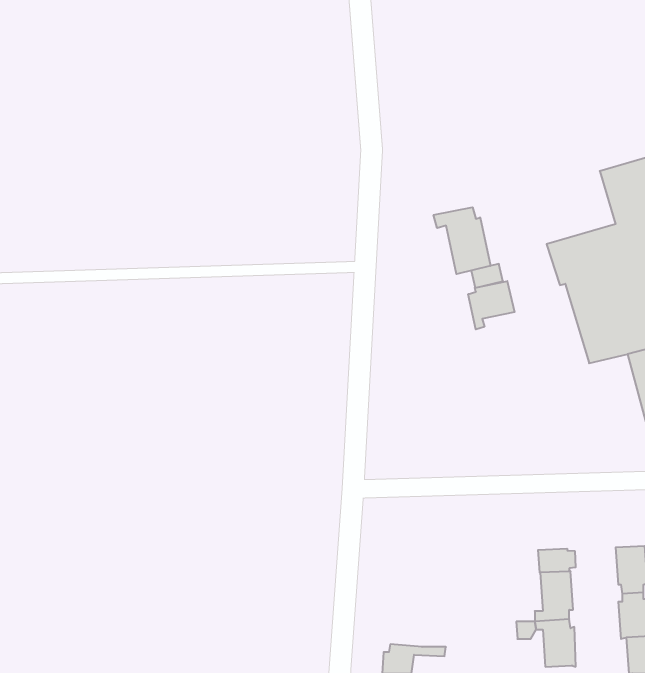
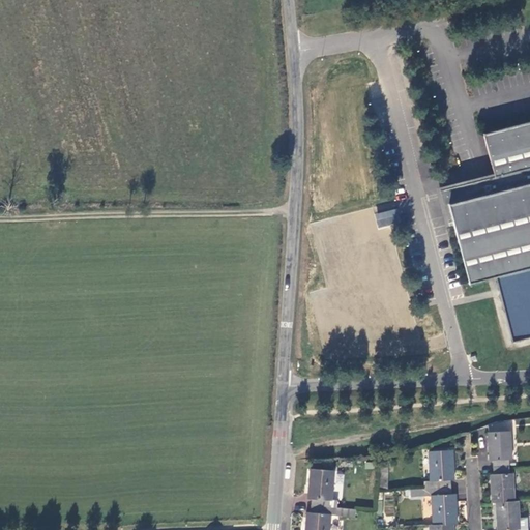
building: [434,207,490,274] -> none
building: [468,281,515,329] -> none
building: [538,549,576,573] -> none
building: none -> [308,468,338,508]

